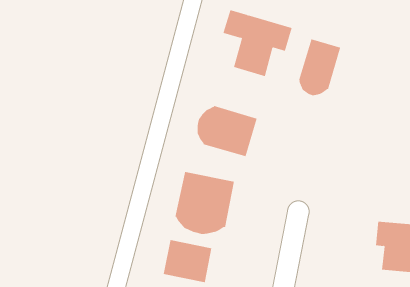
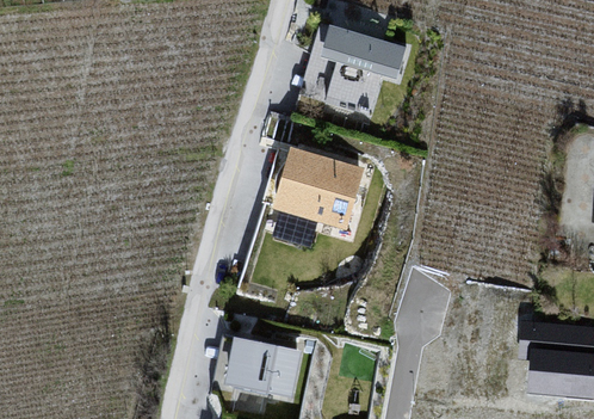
building: [298,39,341,96] -> none
building: [175,171,235,235] -> none

